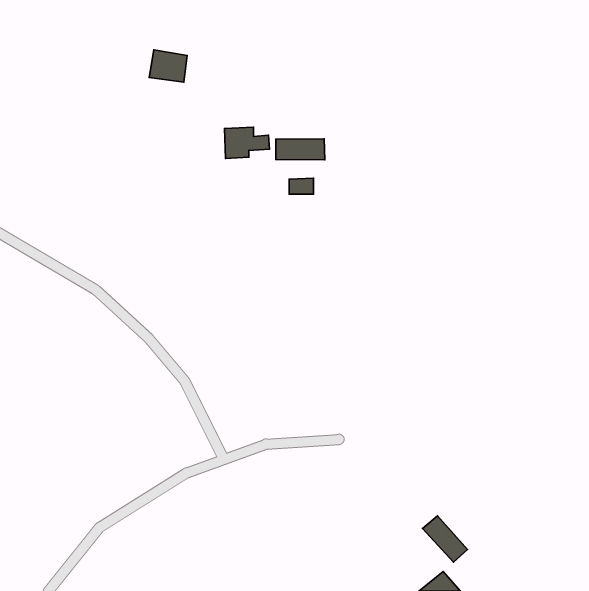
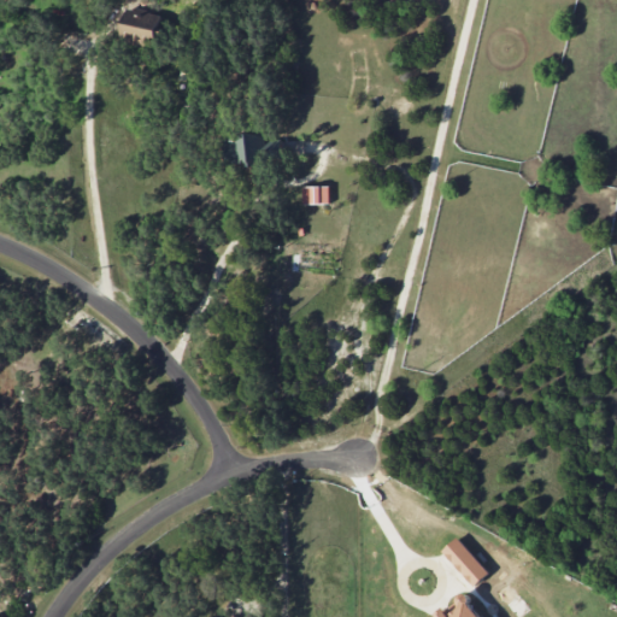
building: [149,50,187,82] -> [119,10,159,43]
building: [276,139,325,160] -> none

